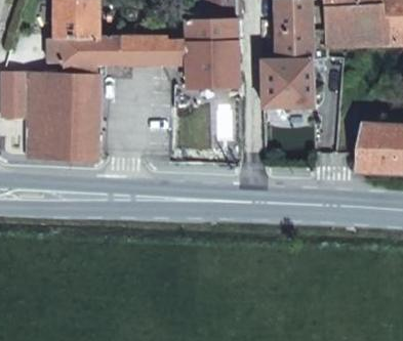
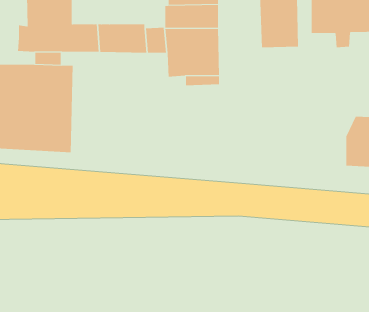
building: [260,57,321,105] -> none

